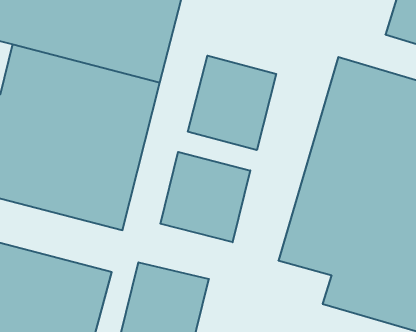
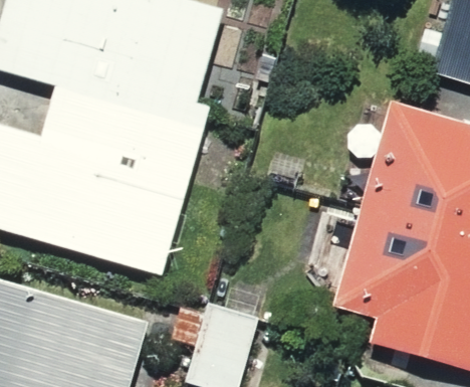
building: [188,56,276,150] -> none
building: [160,152,250,242] -> none

